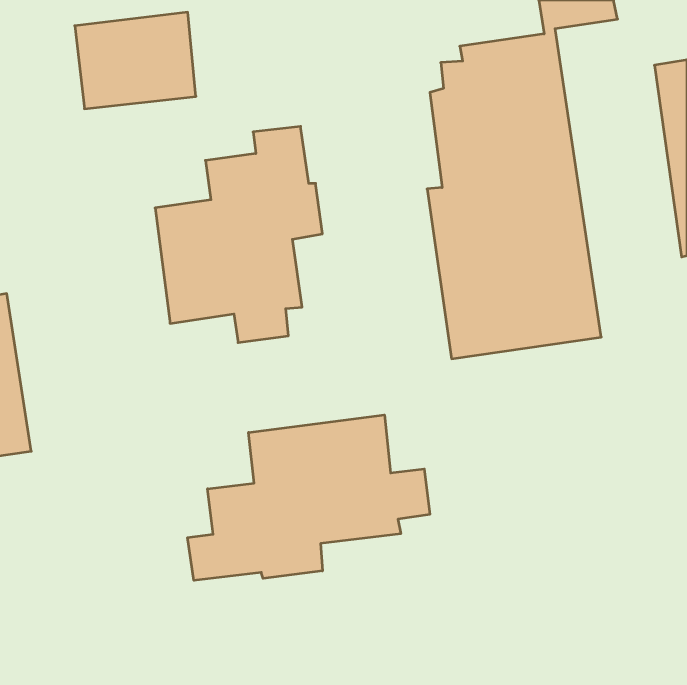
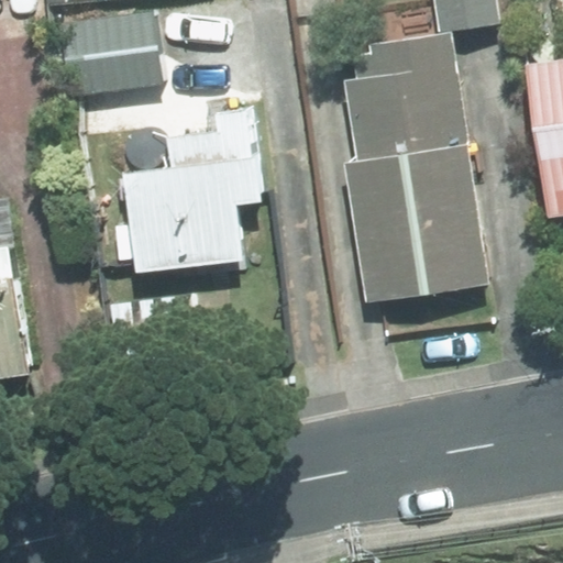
building: [188,415,430,580] -> none

